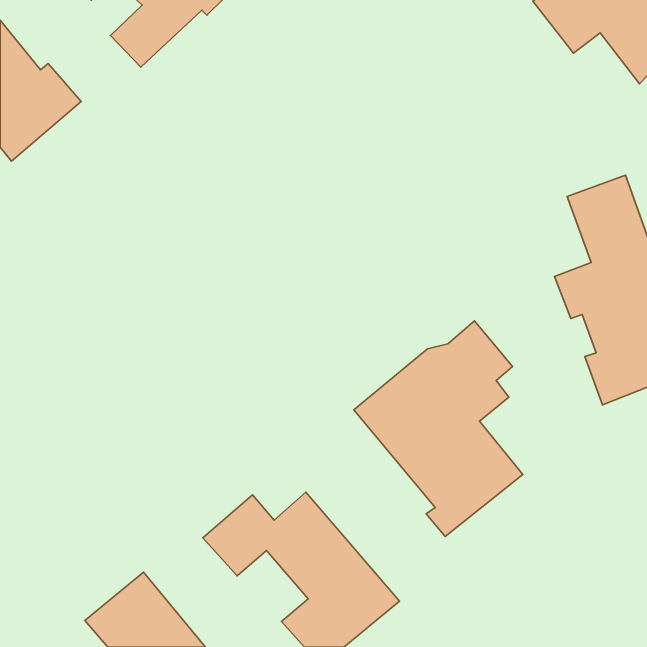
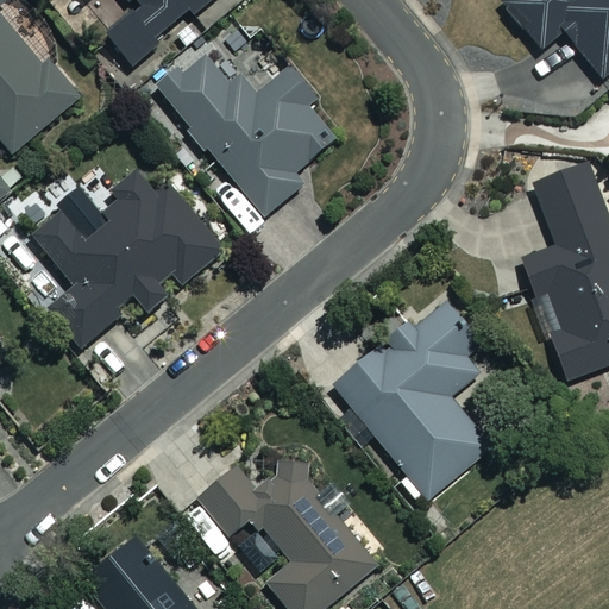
building: none -> [161,48,337,215]
building: none -> [29,175,225,347]

